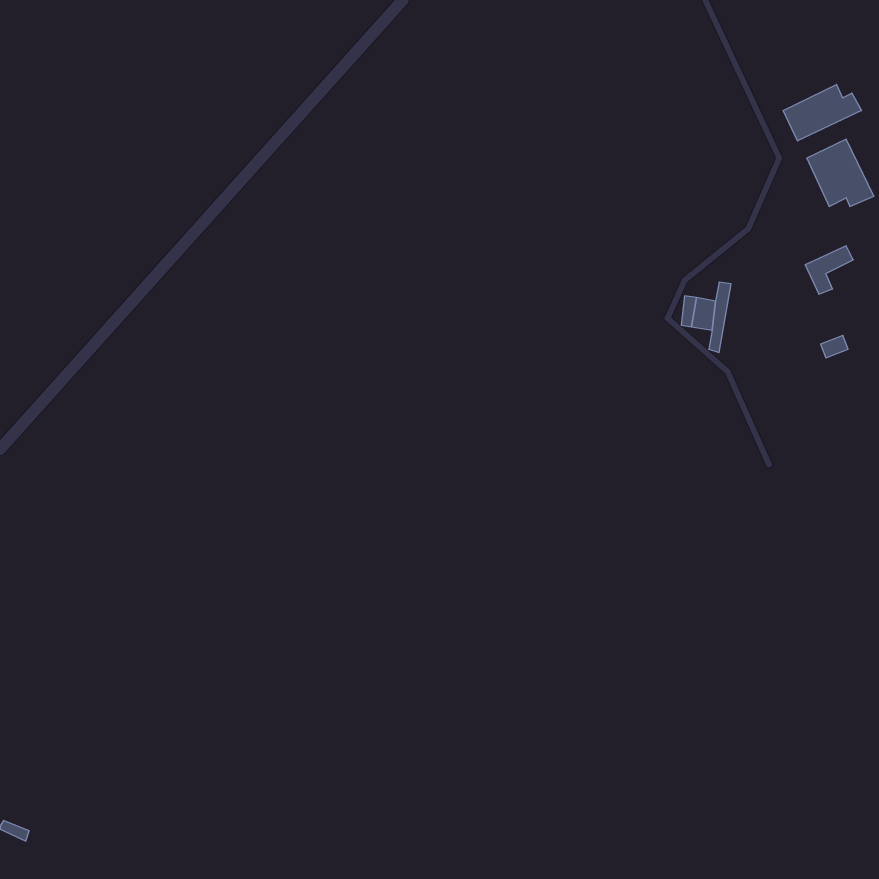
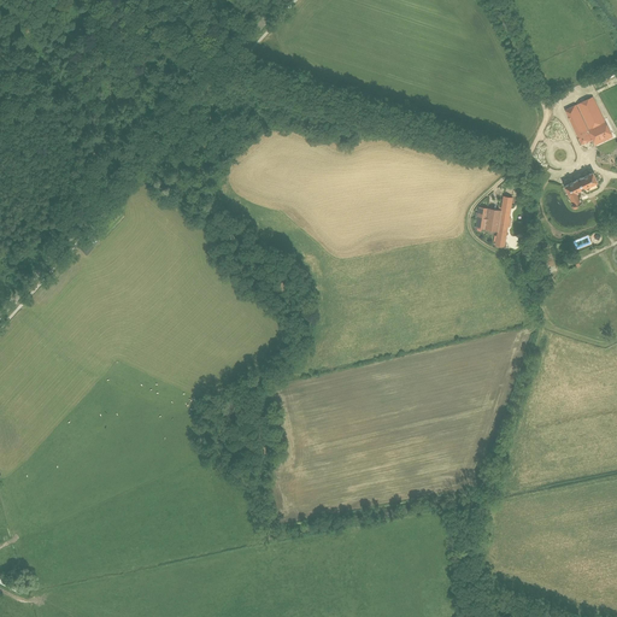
building: [783,84,862,141] -> none

